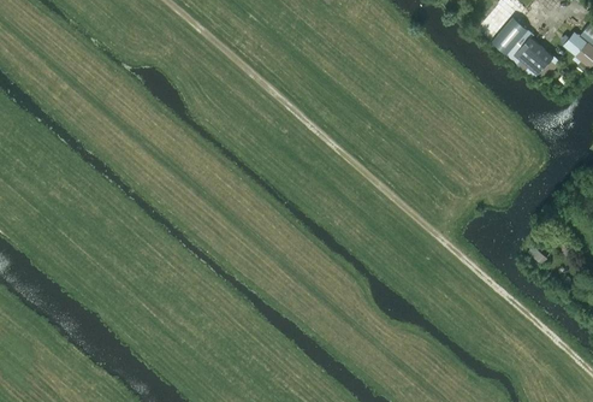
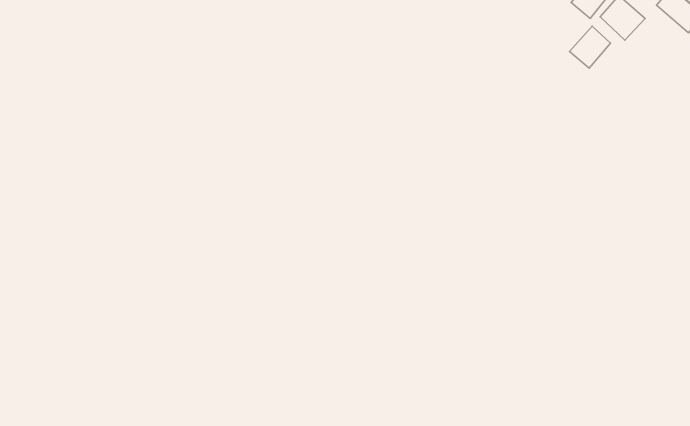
building: none -> [570,26,611,68]

